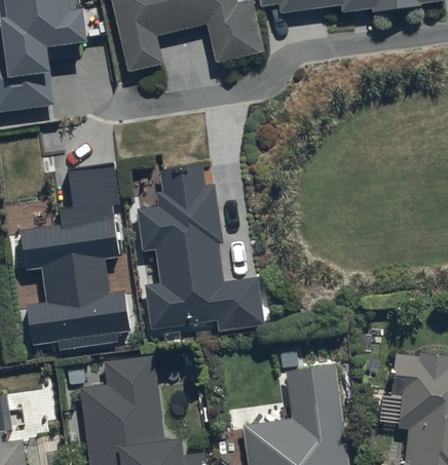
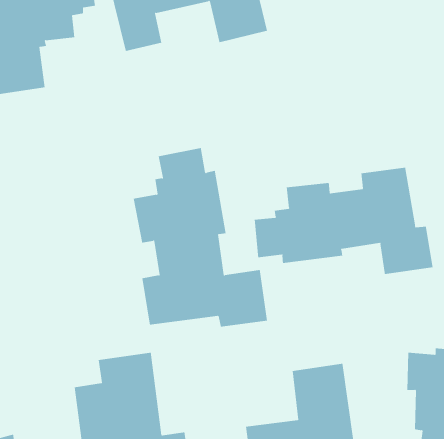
building: [20,159,132,349] -> none
building: none -> [254,167,433,275]

